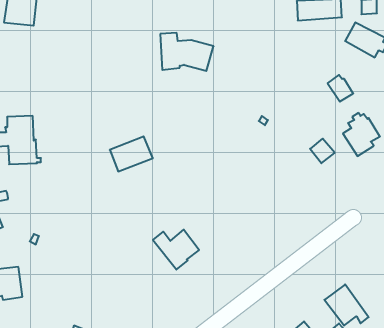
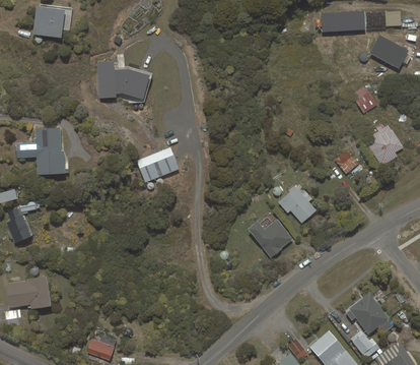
building: [160,33,214,71] -> [97,62,150,100]
building: none -> [278,187,318,224]
building: [153,230,199,270] -> [248,219,293,258]

